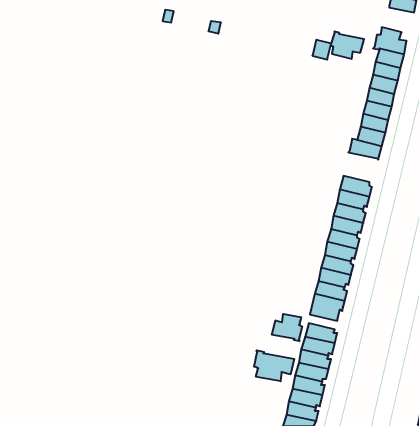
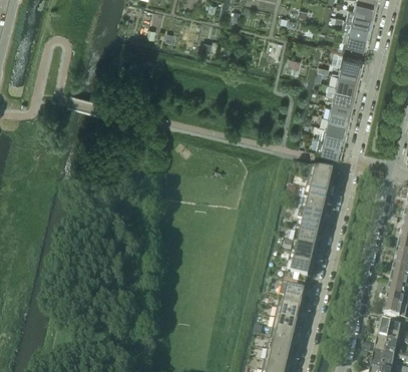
building: [331,32,364,59] -> [342,30,369,52]
building: [272,314,302,341] -> none
building: [254,350,294,381] -> none

